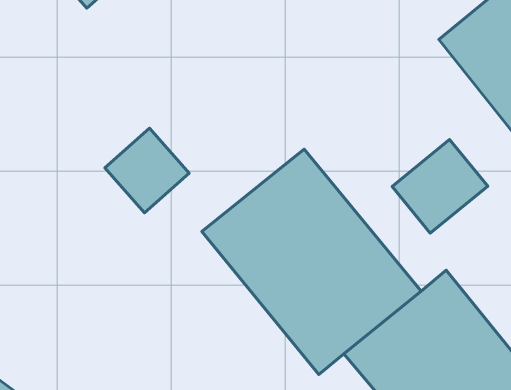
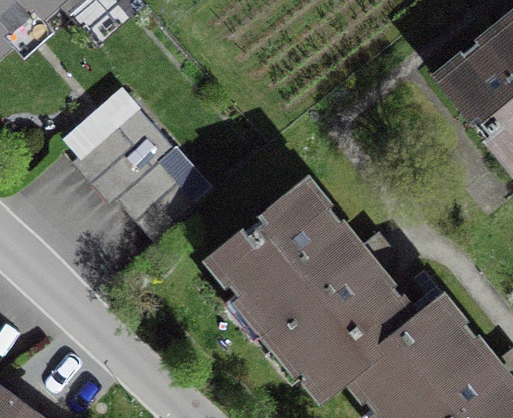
building: none -> [72,104,174,203]
building: [392,140,488,233] -> none

